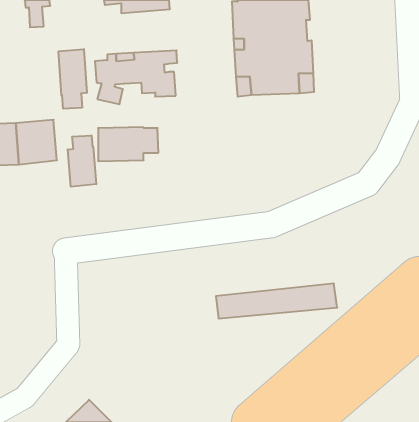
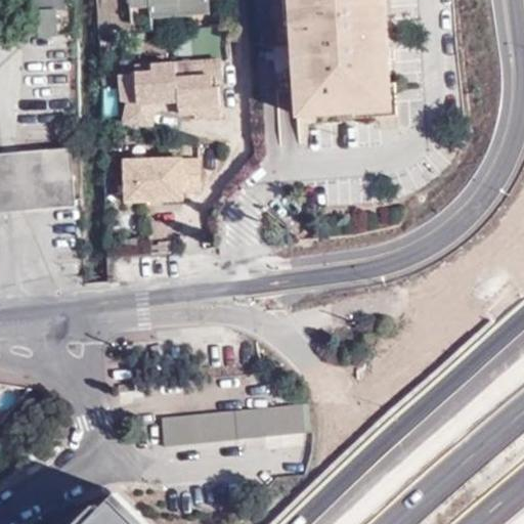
building: [59,49,87,109] -> none
building: [68,135,96,187] -> none
building: [216,284,337,318] -> [159,402,309,445]

